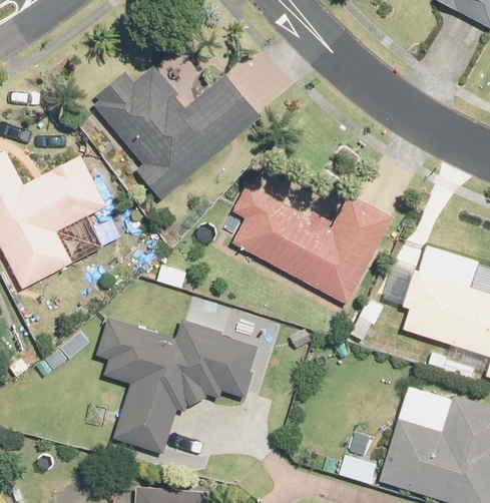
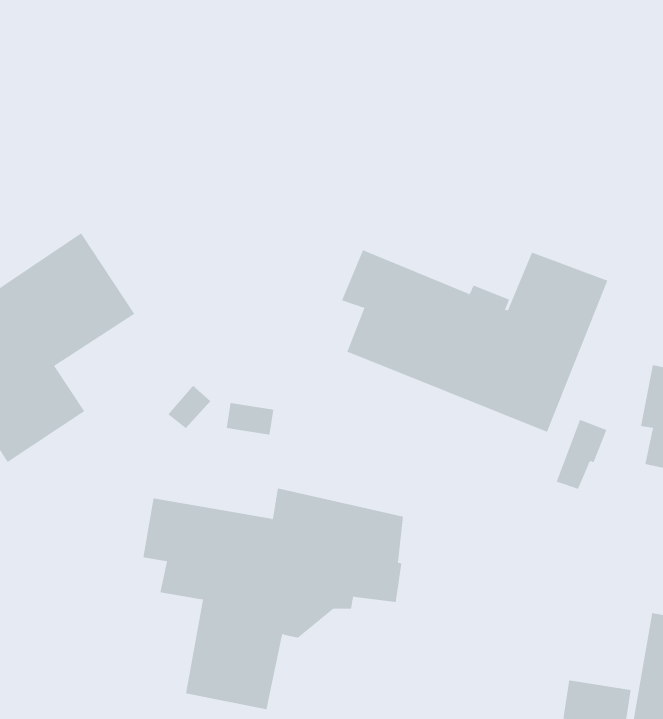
building: [94,65,261,199] -> none

